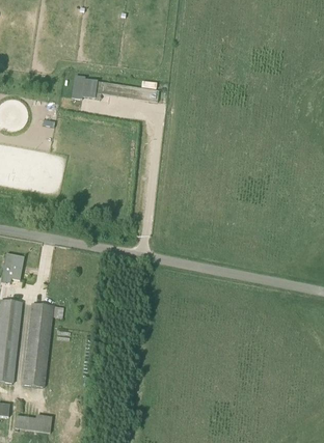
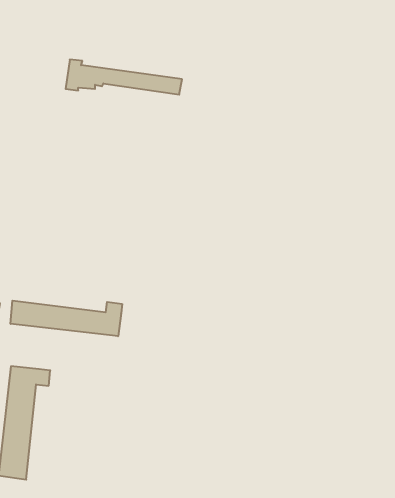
building: none -> [11,301,122,336]

